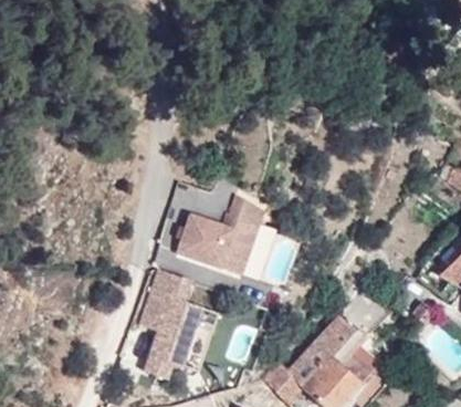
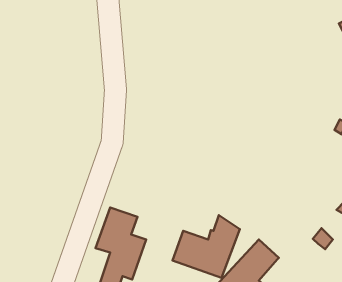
building: [184,196,269,275] -> [173,215,240,278]

